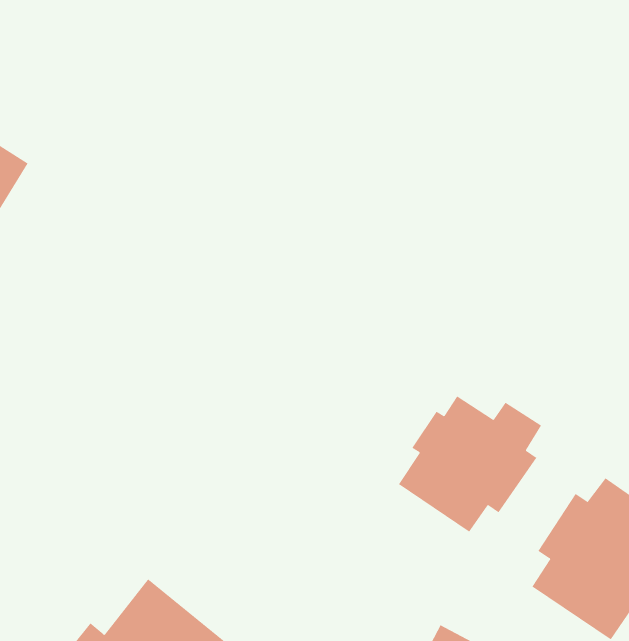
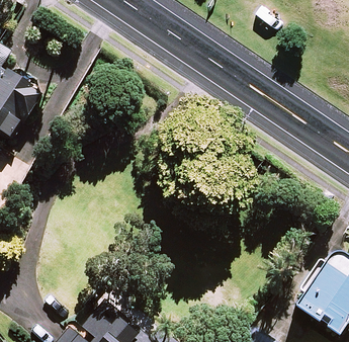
building: [398,396,542,532] -> none

